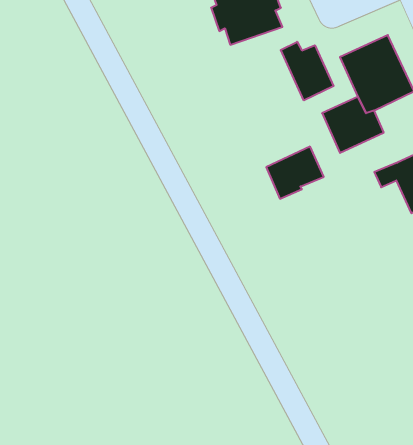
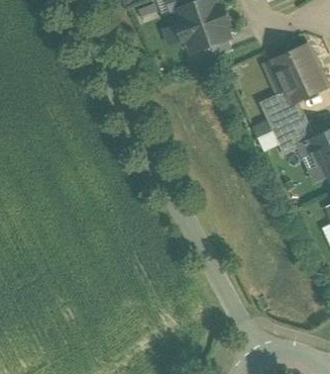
building: [281,42,334,100] -> none
building: [266,147,324,199] -> [272,116,315,155]

